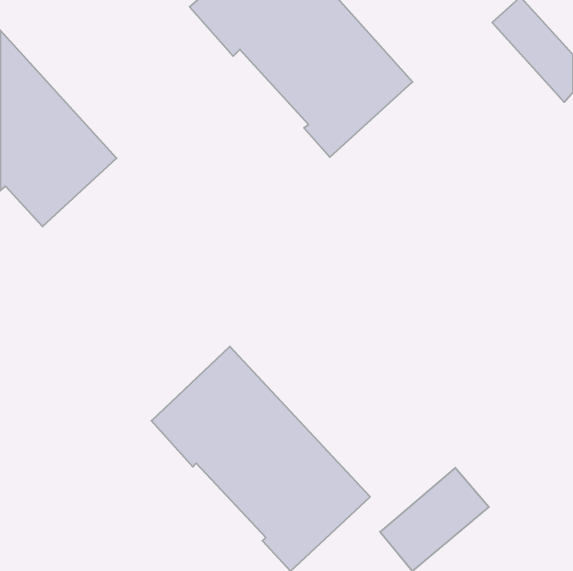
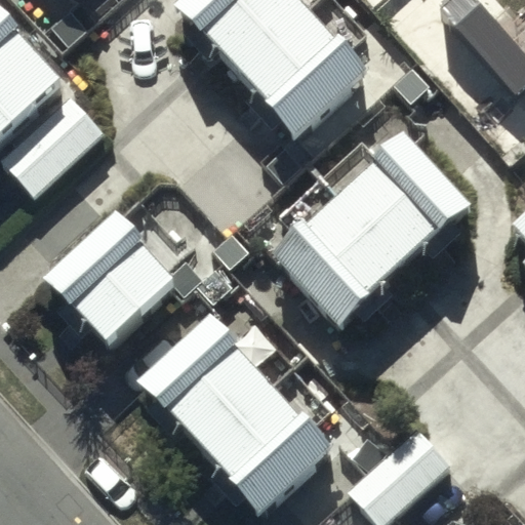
building: none -> [264,119,479,332]
building: none -> [38,204,176,344]

